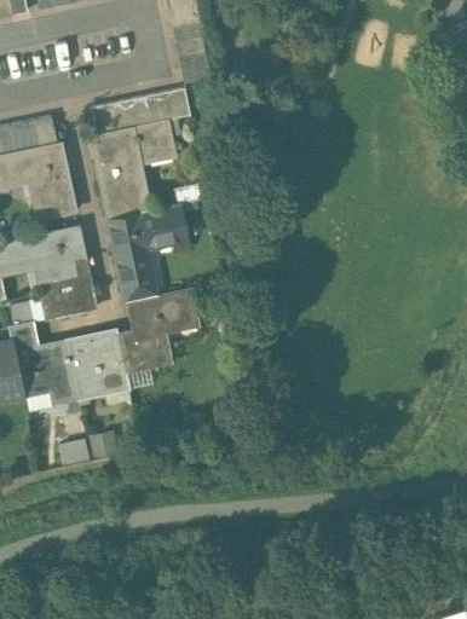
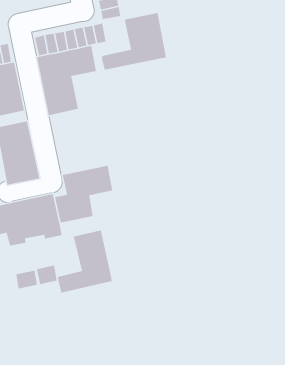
building: none -> [101,12,167,70]
building: [108,204,185,302] -> none
building: none -> [57,230,113,293]

